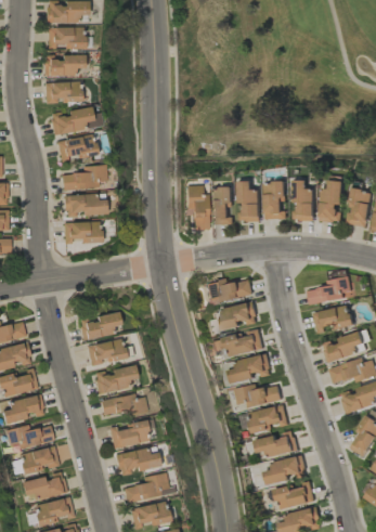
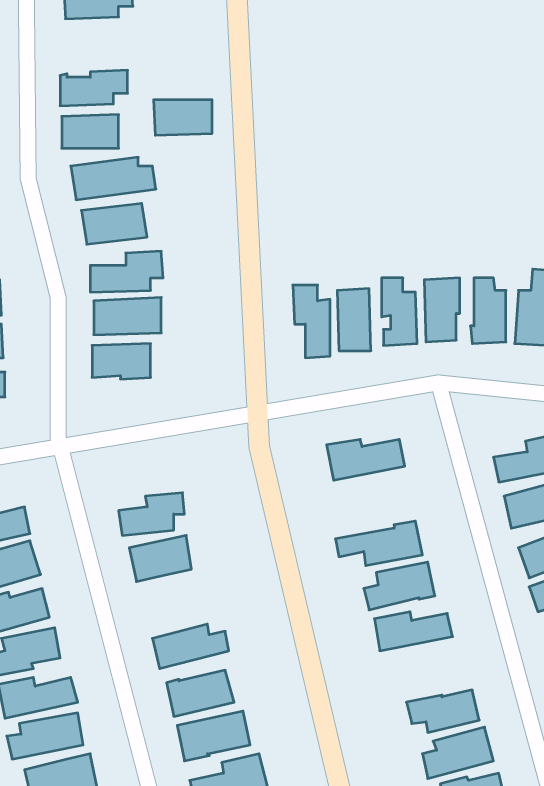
building: [46,28,81,50] -> [154,100,212,135]
building: [215,304,257,332] -> none
building: [92,366,135,394] -> none
building: [247,406,288,434] -> none

